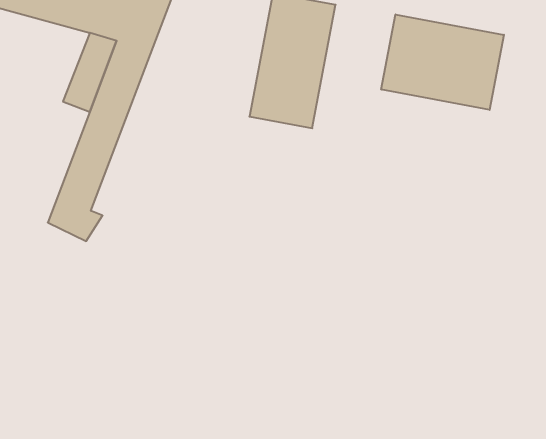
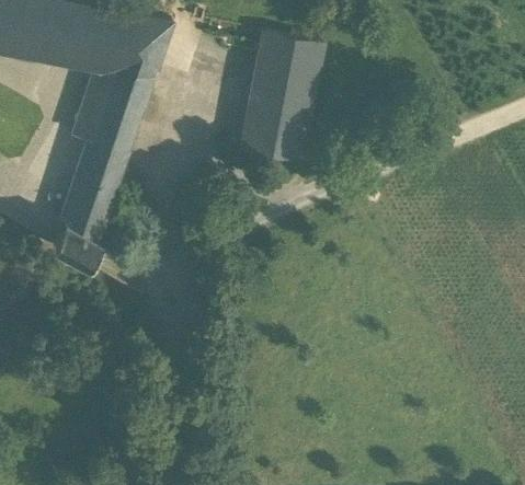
building: [381,14,504,110] -> none

